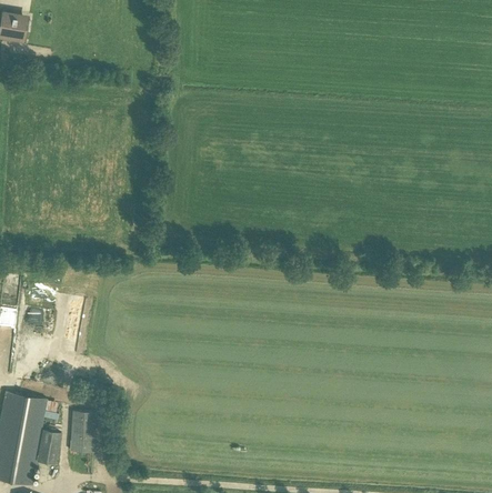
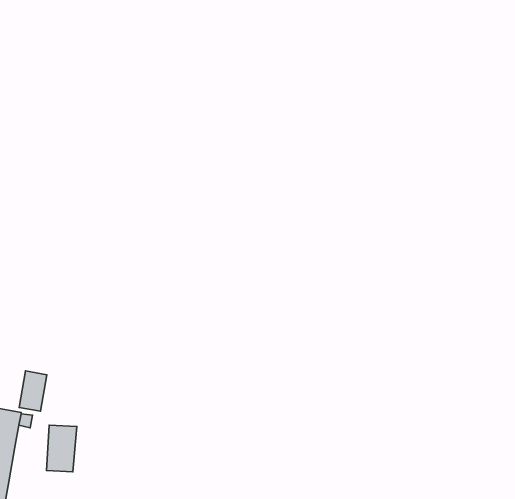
building: [37,429,61,464] -> [19,371,47,411]

